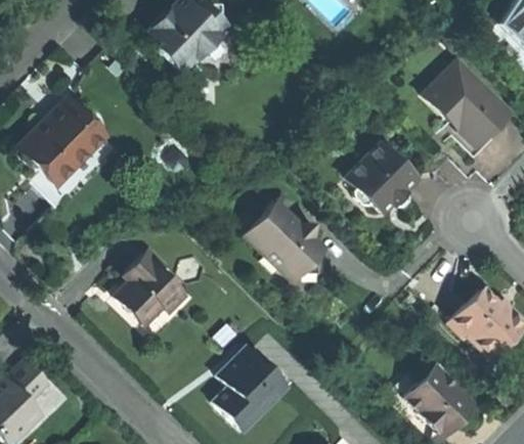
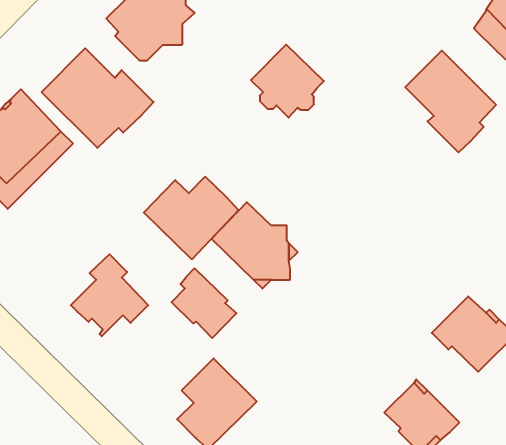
building: none -> [42,48,154,148]
building: [347,142,414,210] -> [251,45,324,118]
building: none -> [144,177,239,259]
building: none -> [172,268,236,338]

